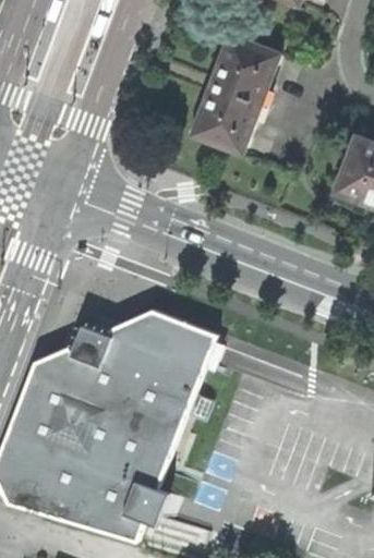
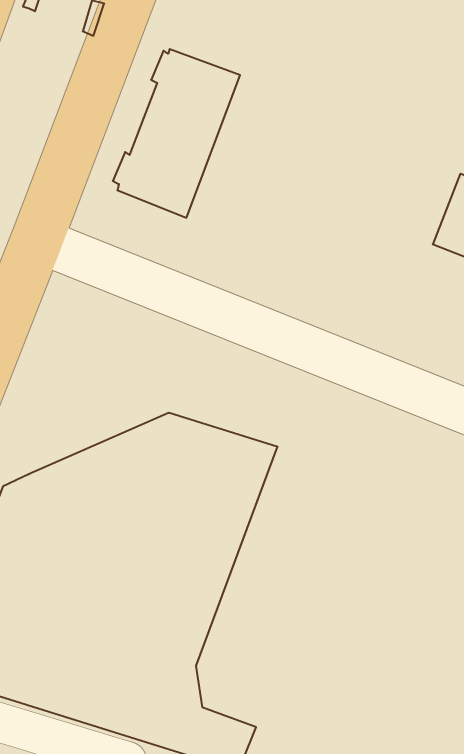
building: [188,34,278,154] -> [113,49,240,218]

